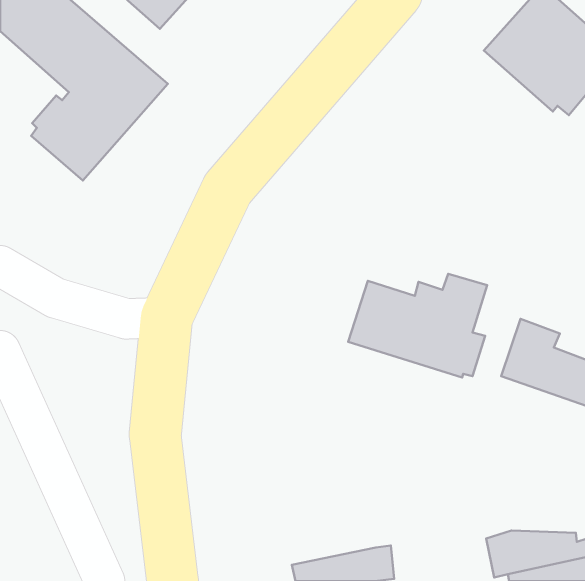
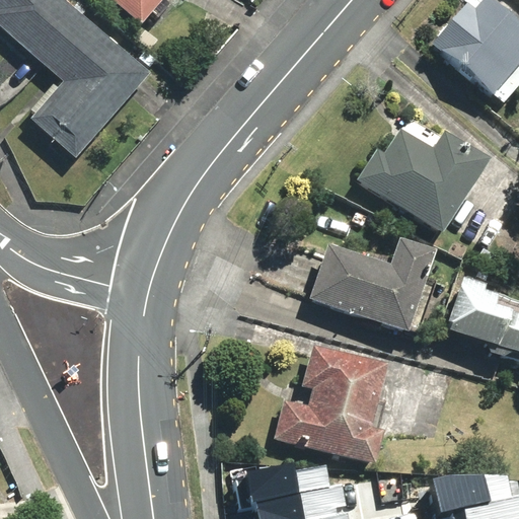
building: none -> [357,118,490,236]
building: none -> [279,338,389,456]
building: none -> [248,456,333,499]

